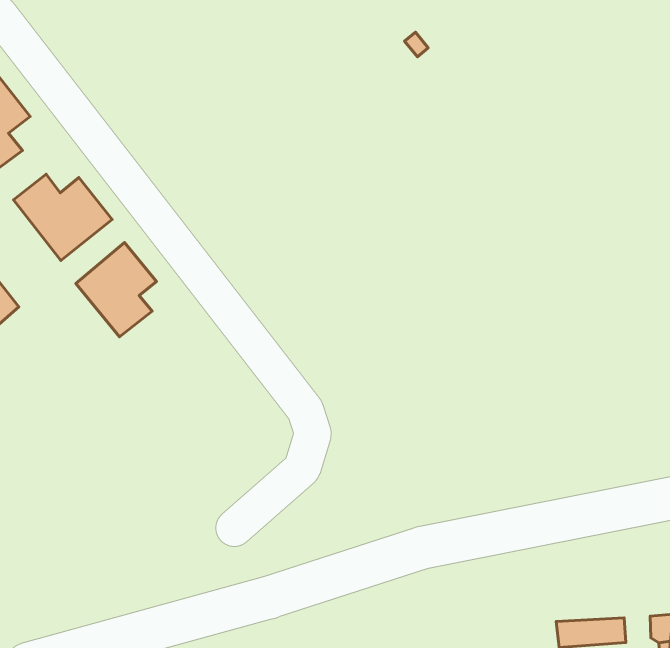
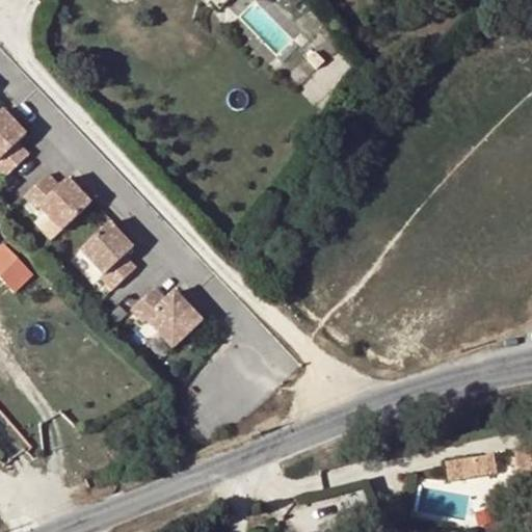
building: none -> [115,288,204,348]

